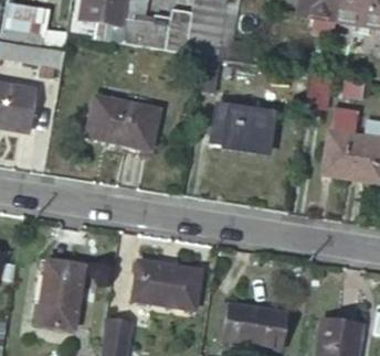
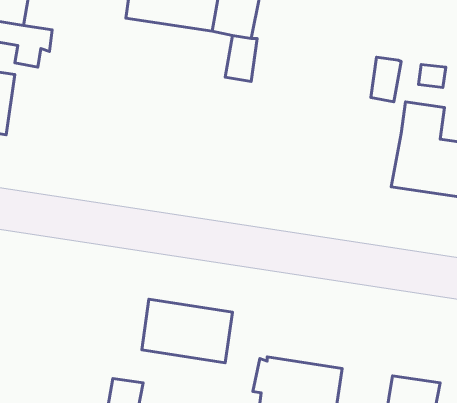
building: [86,101,158,152] -> none
building: [212,105,274,153] -> none
building: [39,258,86,328] -> none

